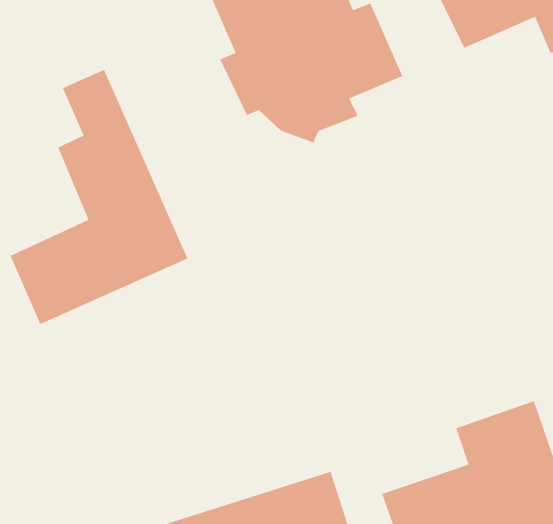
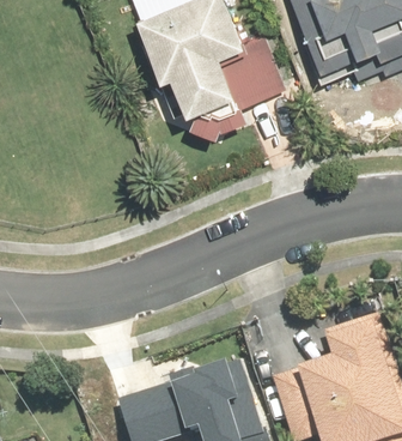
building: [9,69,189,325] -> none

